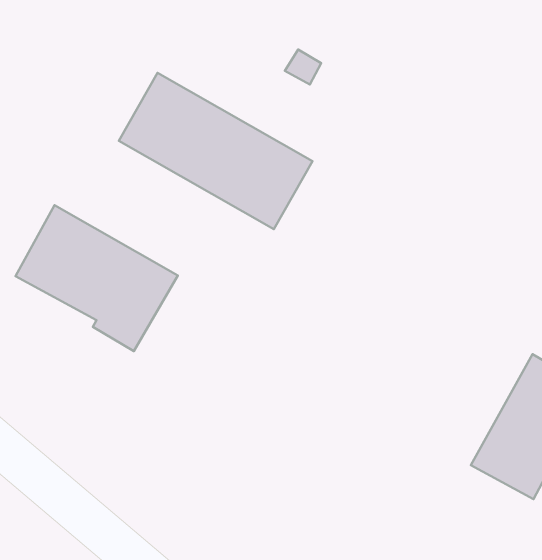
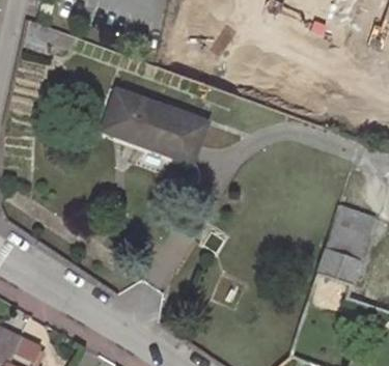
building: [16,205,178,351] -> none

